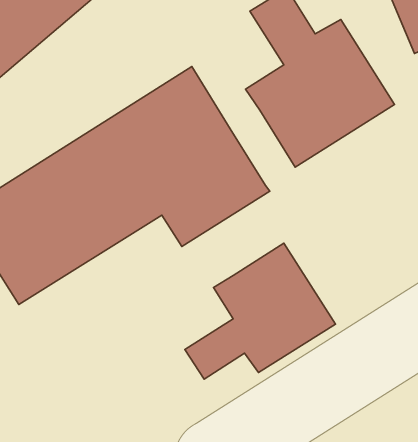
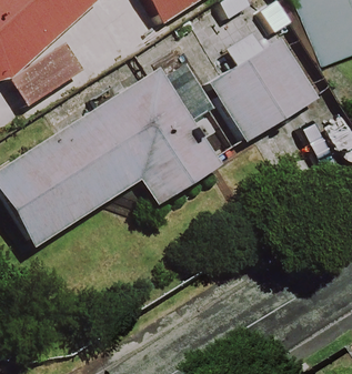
building: [185,243,335,379] -> none

